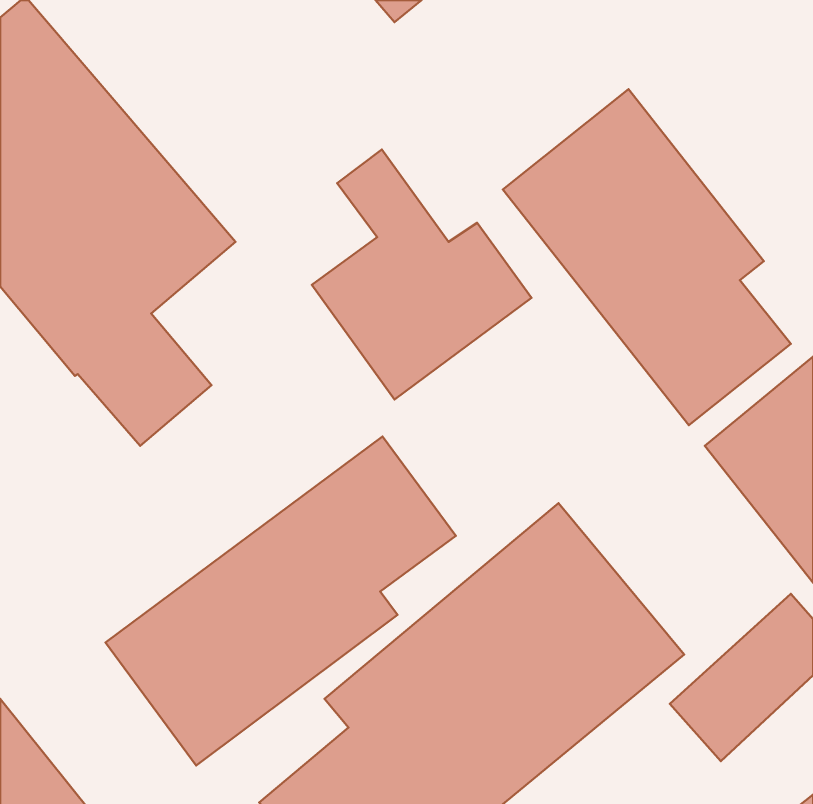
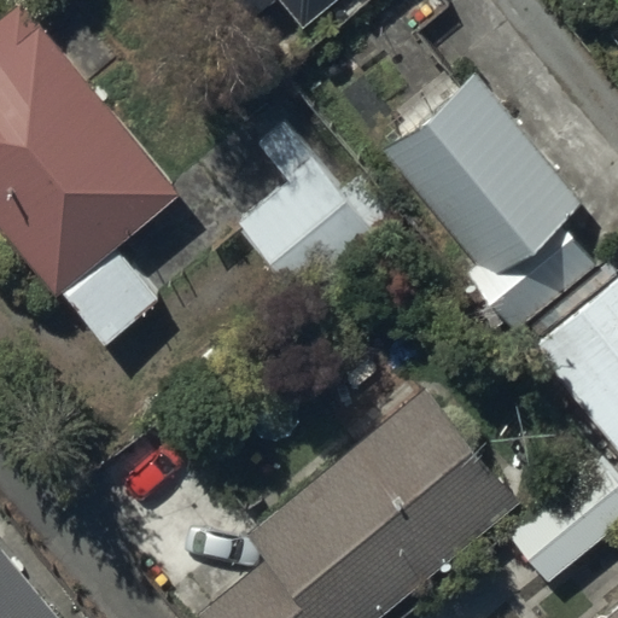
building: [106,436,456,766] -> none

